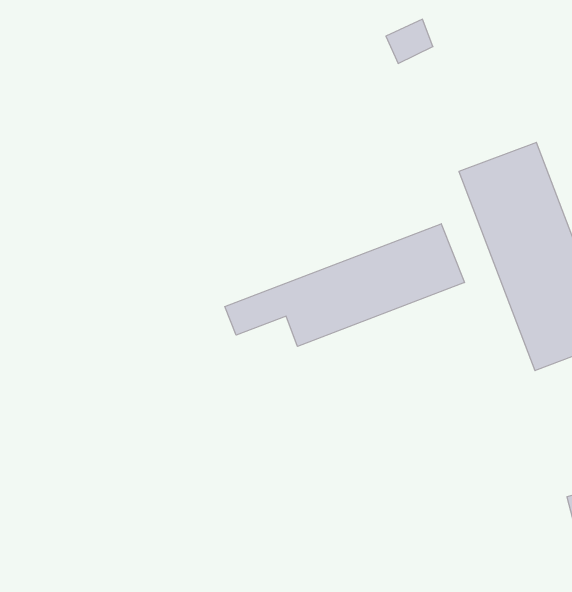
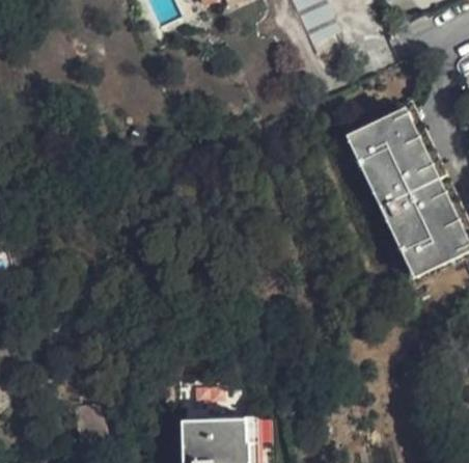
building: [225,224,464,346] -> none

